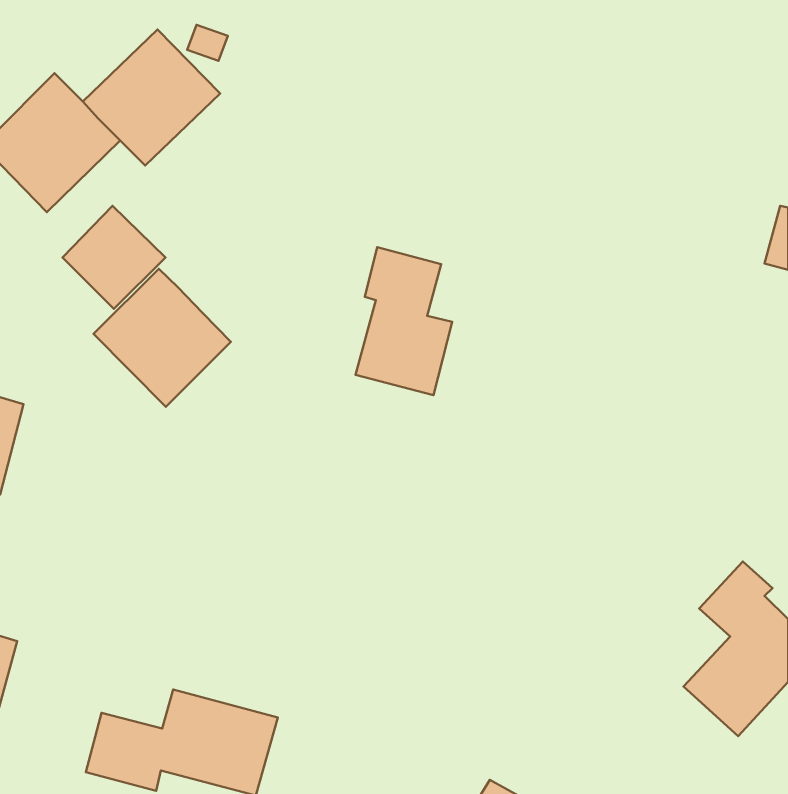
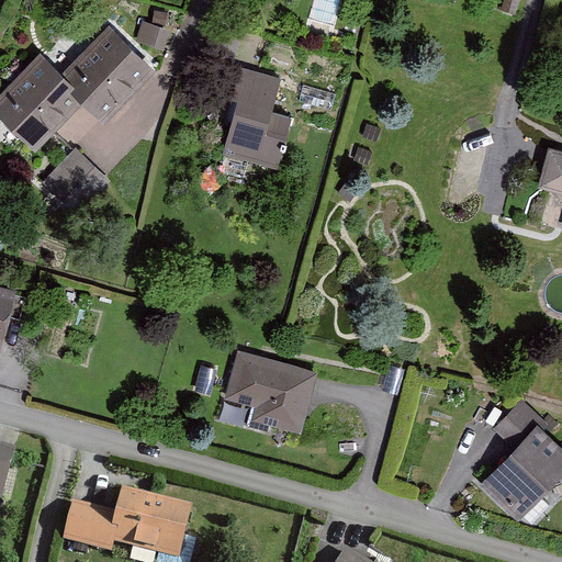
building: [355,247,452,395] -> [223,65,291,169]
building: [94,269,231,407] -> none
building: none -> [224,349,317,434]

